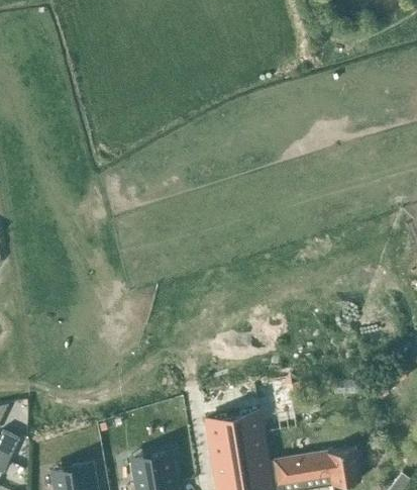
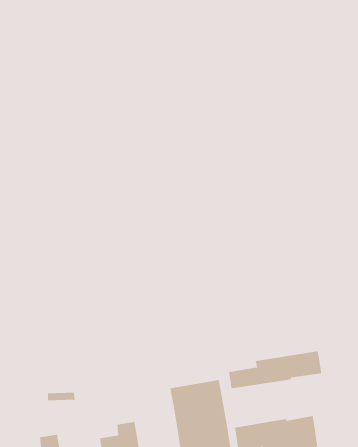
building: none -> [228,350,322,389]

